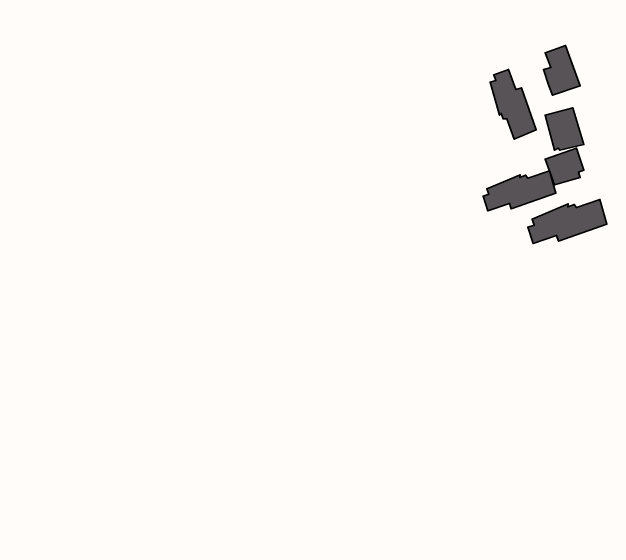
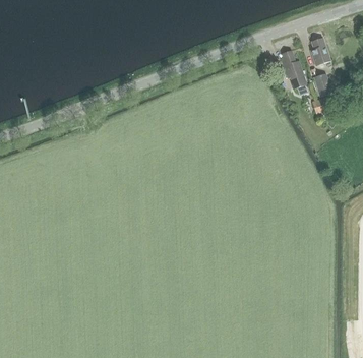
building: [483,171,556,211] -> none
building: [528,200,607,243] -> none

